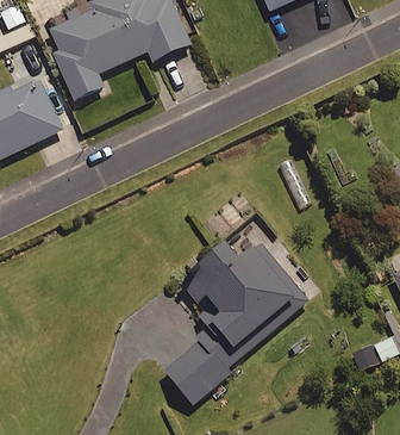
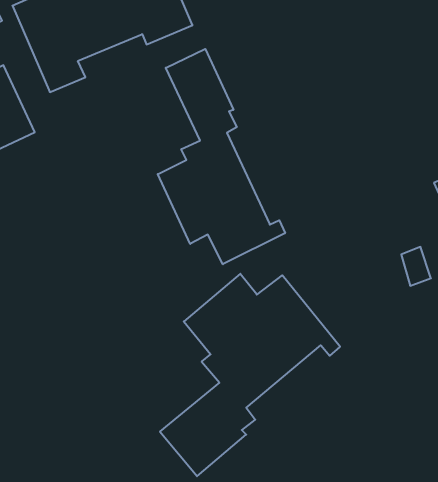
building: none -> [158,49,285,264]

